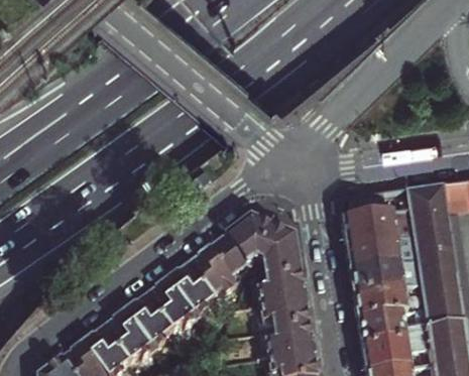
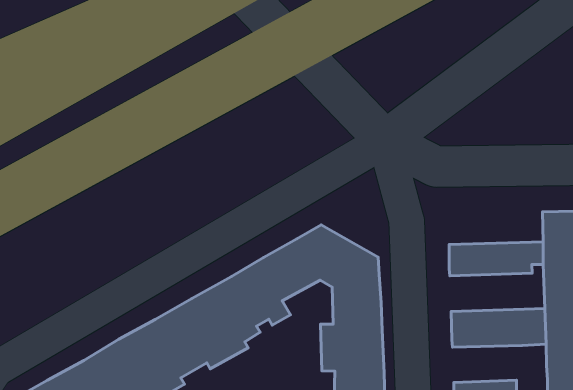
building: [347,230,418,265] -> none
building: [355,283,426,316] -> none

